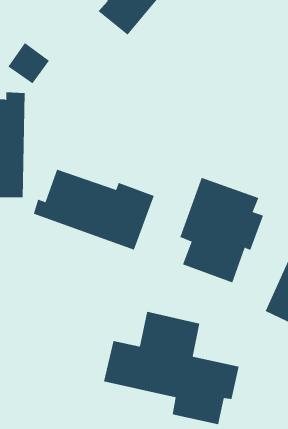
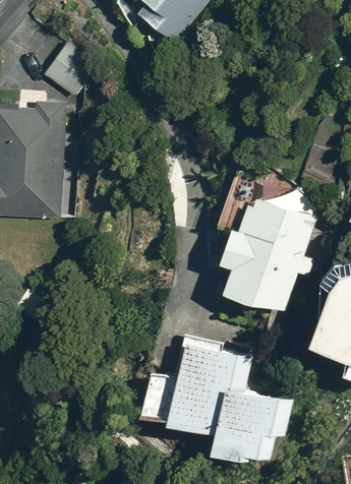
building: [33,169,154,250] -> none

